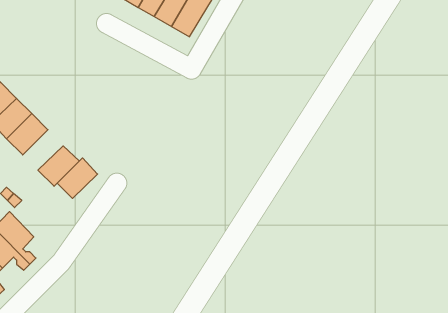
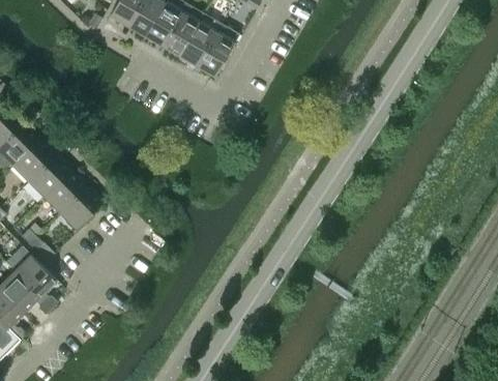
building: [57,158,98,198] -> [43,171,85,212]

